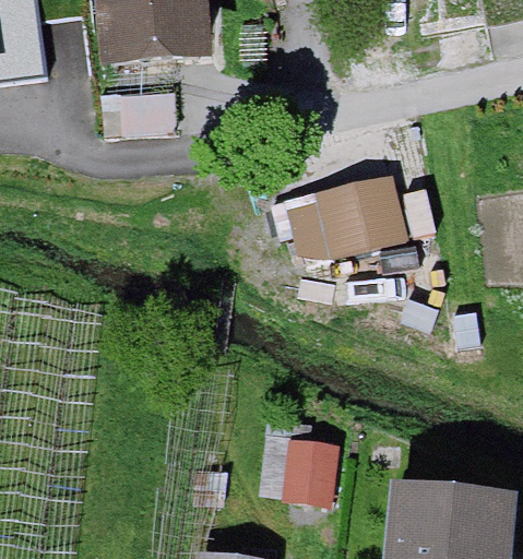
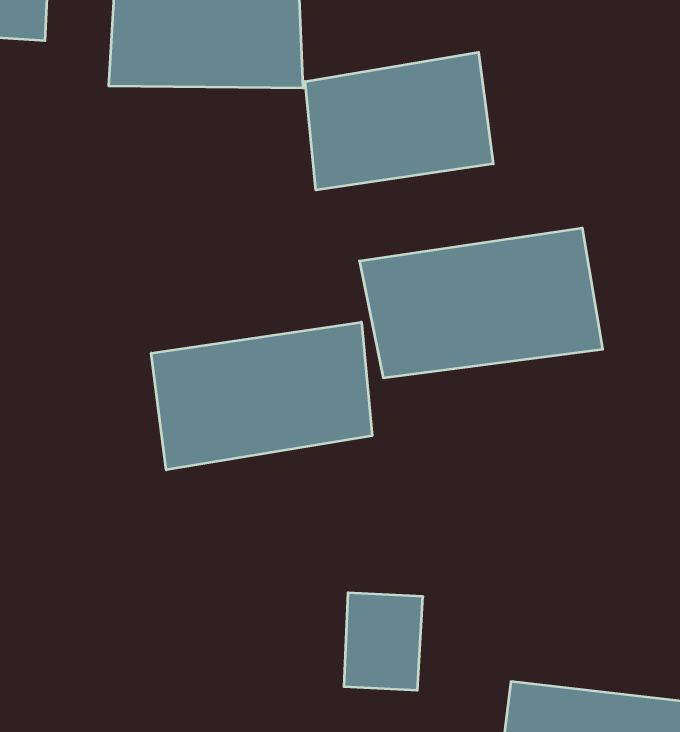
building: none -> [305,52,493,190]
building: none -> [151,322,372,470]

